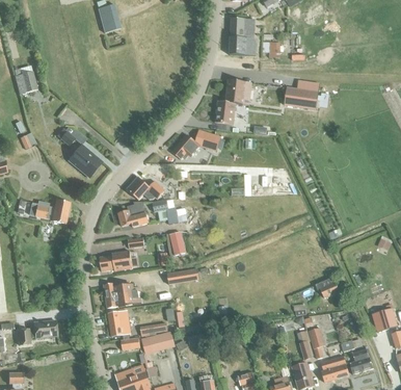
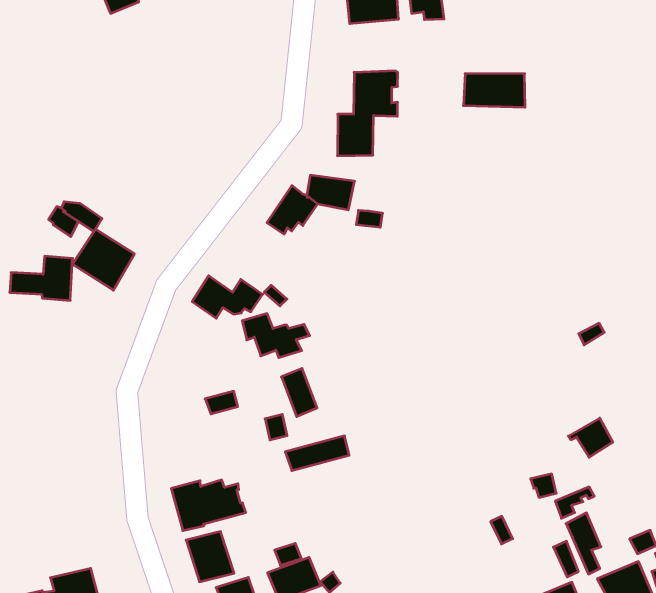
building: [34,199,70,224] -> [10,256,73,300]
building: [118,201,148,226] -> none
building: [99,250,132,270] -> none

